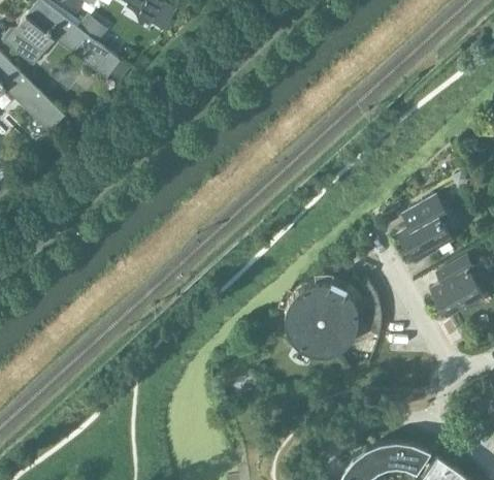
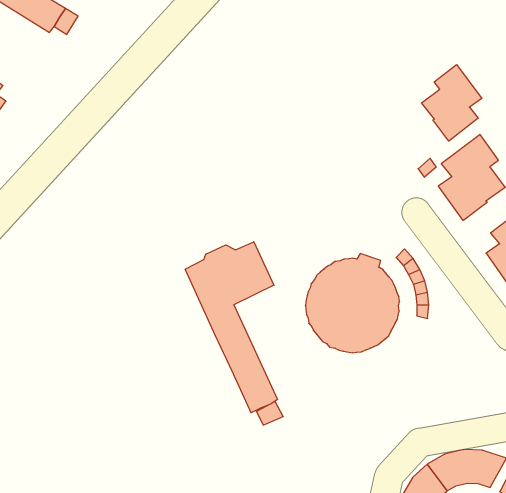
building: none -> [422,65,482,141]
building: none -> [185,242,277,413]

